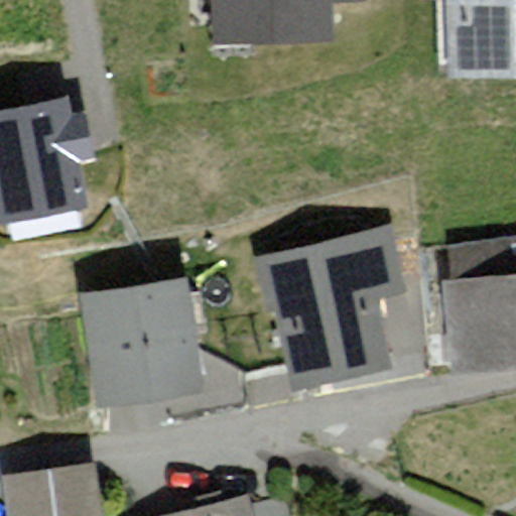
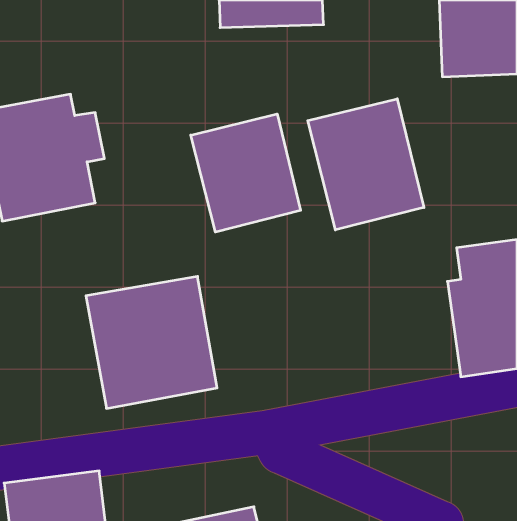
building: none -> [308,99,424,230]
building: none -> [191,114,301,232]
building: [239,227,404,413] -> none

